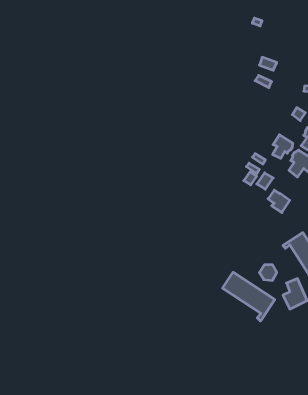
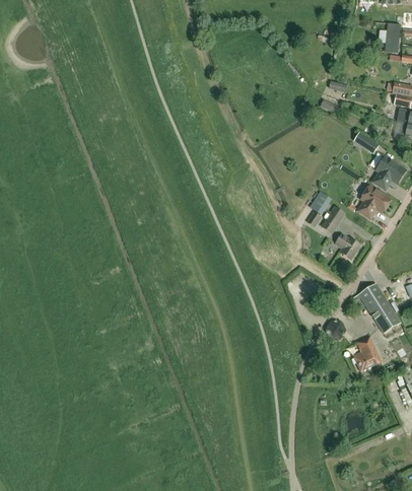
building: [273,135,293,158] -> none
building: [223,272,275,321] -> none

